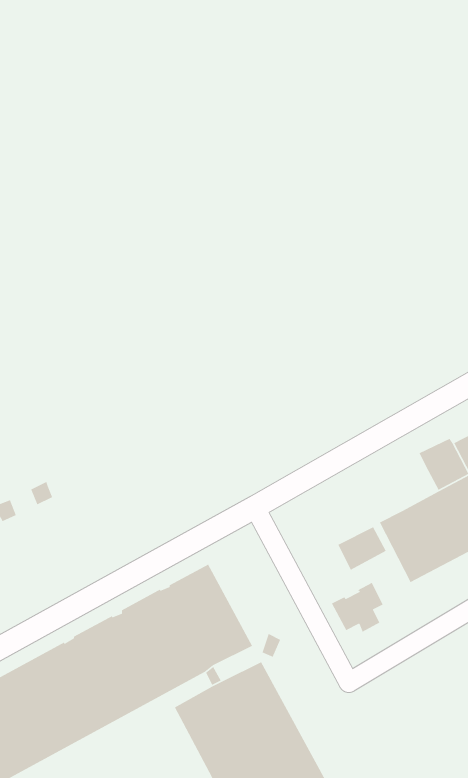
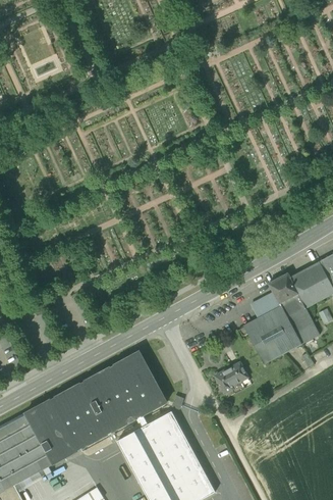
building: [337,526,387,571] -> [249,292,280,319]

